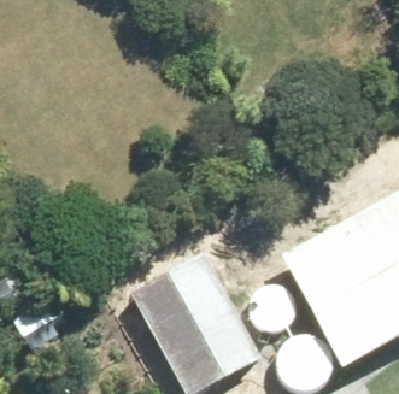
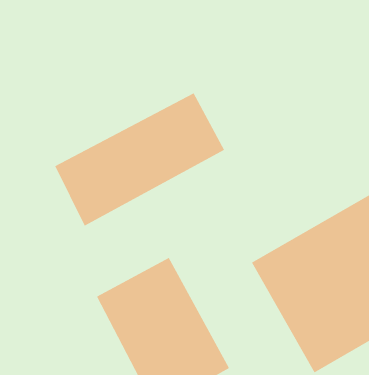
building: none -> [54,92,225,226]

